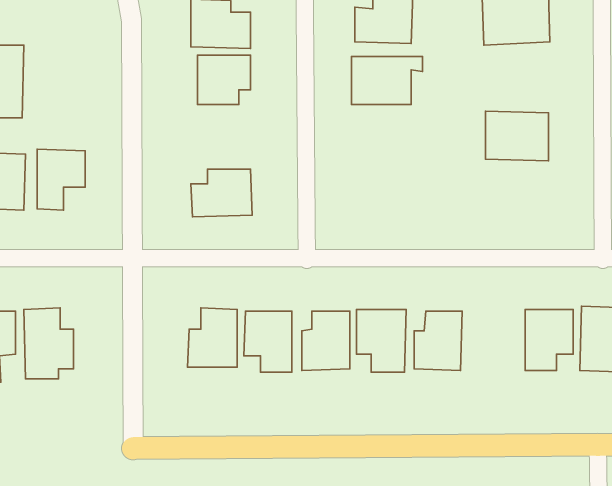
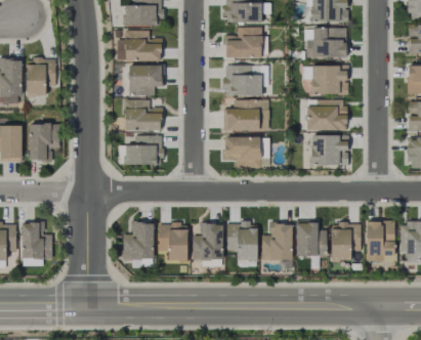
building: none -> [26,58,55,95]
building: none -> [310,65,347,94]
building: none -> [223,98,268,131]
building: none -> [124,99,161,130]
building: none -> [310,134,347,164]
building: none -> [223,136,259,168]
building: none -> [296,220,326,256]

